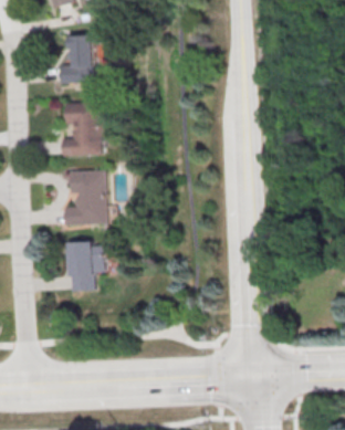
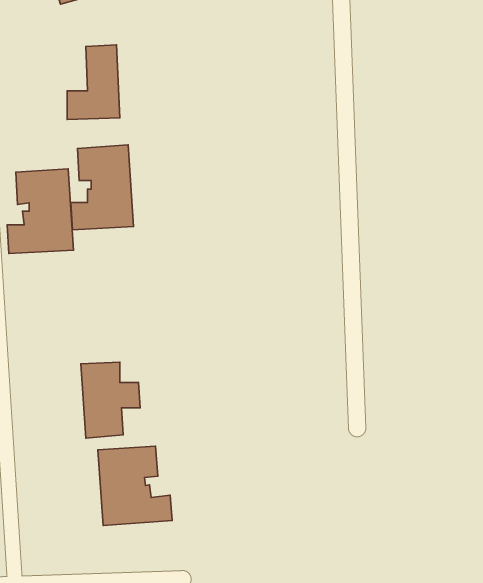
building: [64,169,107,224] -> [7,169,73,254]
building: none -> [98,446,172,526]

